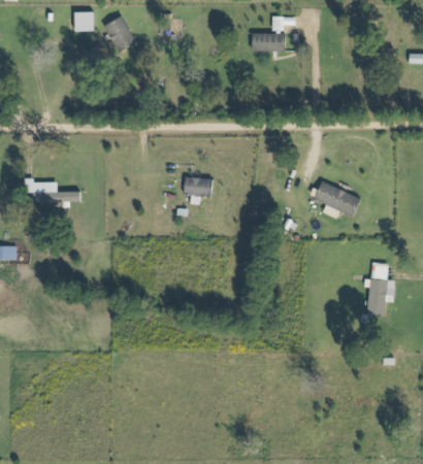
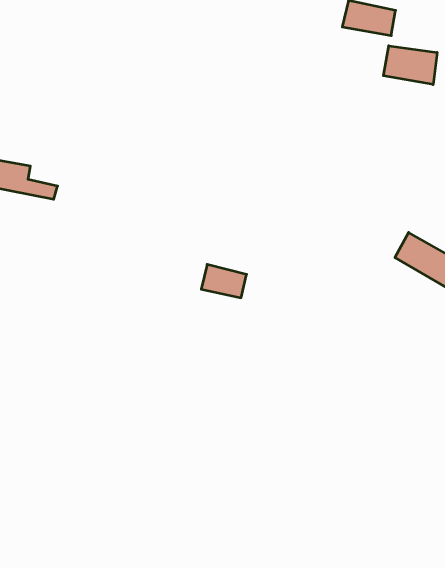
building: none -> [383,46,437,85]
building: [184,177,213,196] -> [201,264,247,298]

